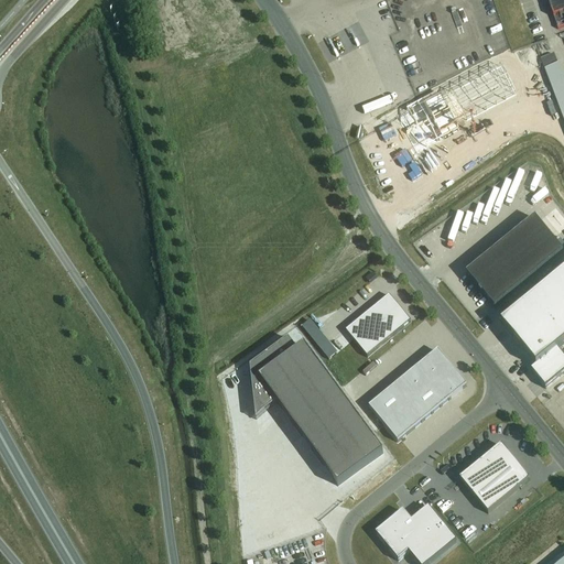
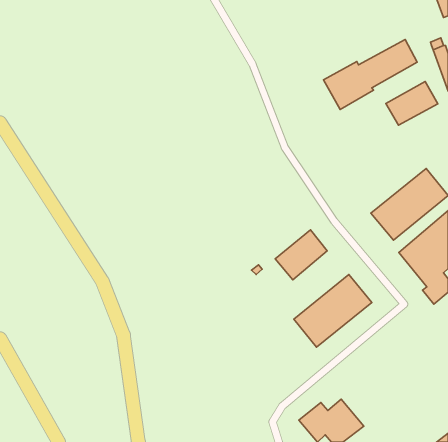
building: none -> [386,81,438,125]
building: [252,334,383,484] -> none
building: [460,440,530,508] -> none

